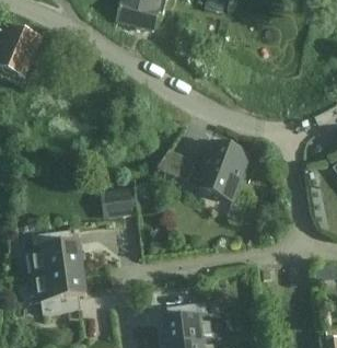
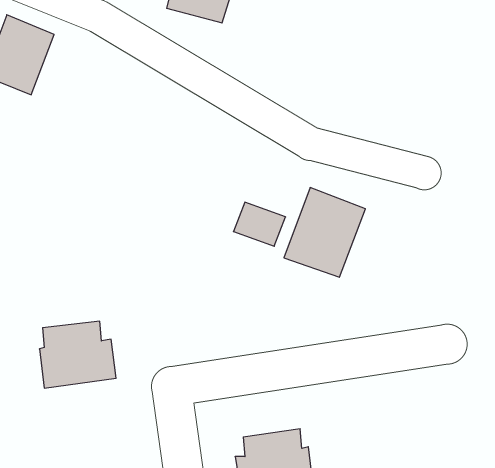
building: [105,190,133,217] -> none
building: [33,269,85,314] -> none

